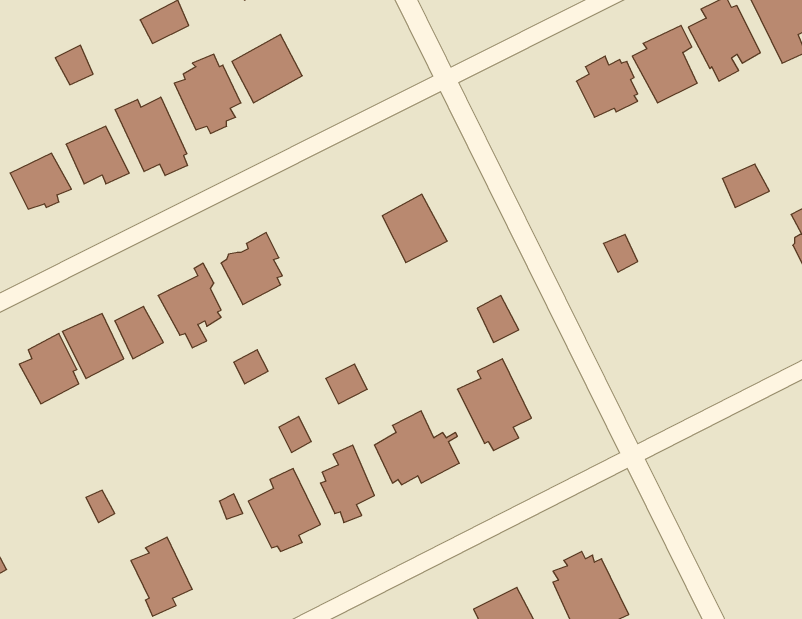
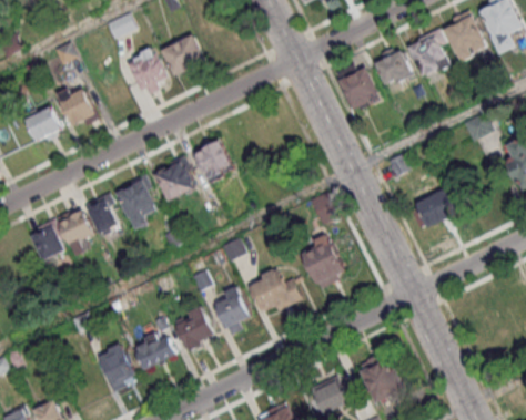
building: none -> [335,65,382,110]
building: [115,97,187,176] -> none
building: [382,194,447,263] -> [194,141,234,183]
building: none -> [412,193,449,228]
building: none -> [135,334,176,371]

